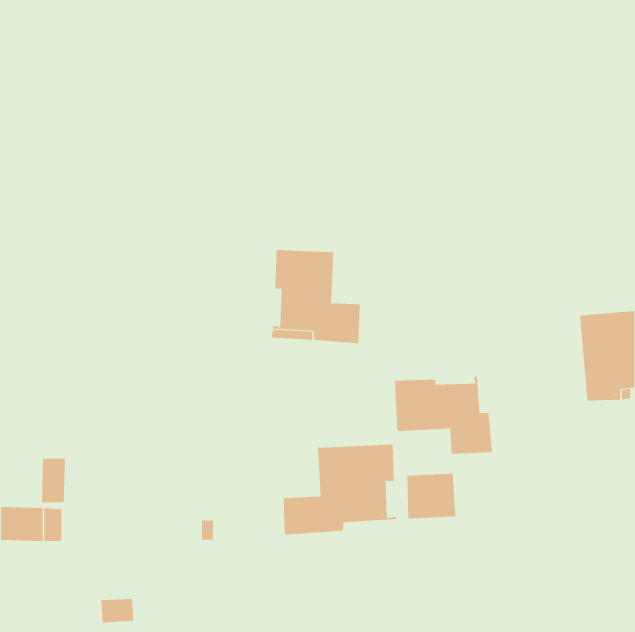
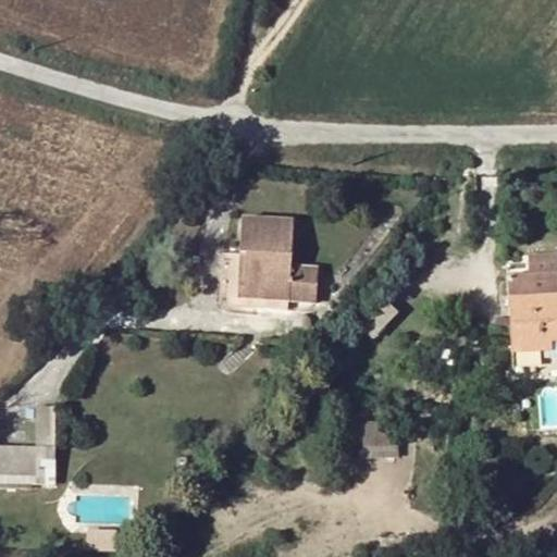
building: [394,376,493,454] -> none
building: [283,444,397,536] -> none

